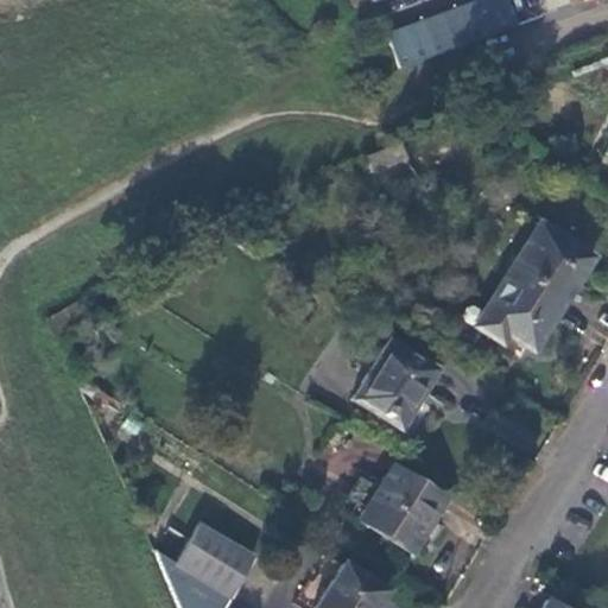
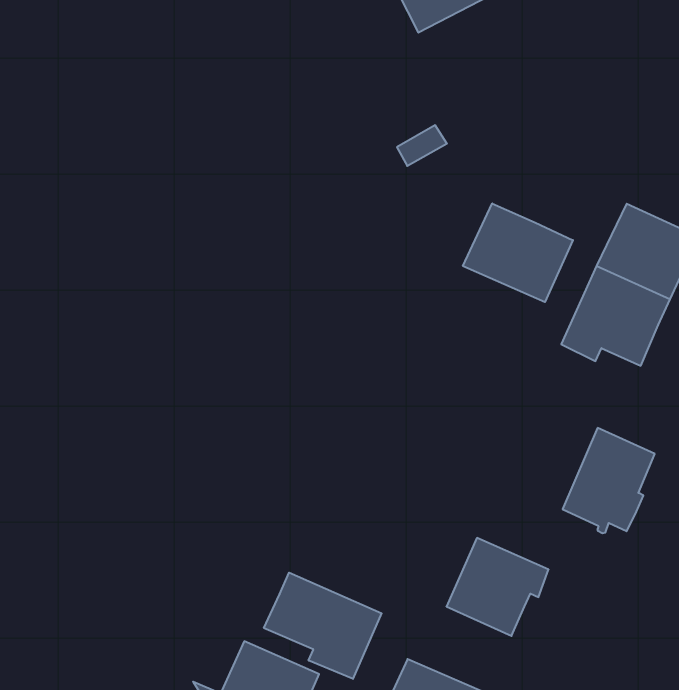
building: none -> [463,203,573,302]
building: [357,340,435,423] -> [563,428,655,533]
building: none -> [264,573,382,679]

